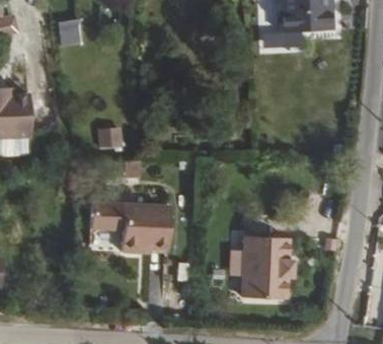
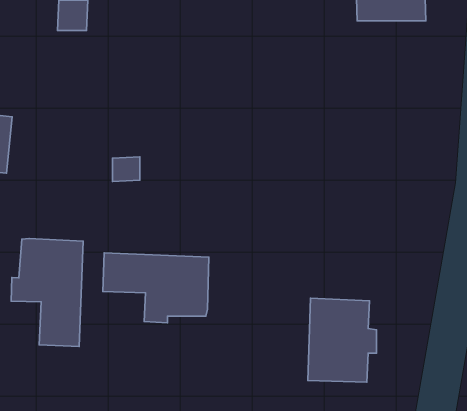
building: none -> [11,238,83,347]

